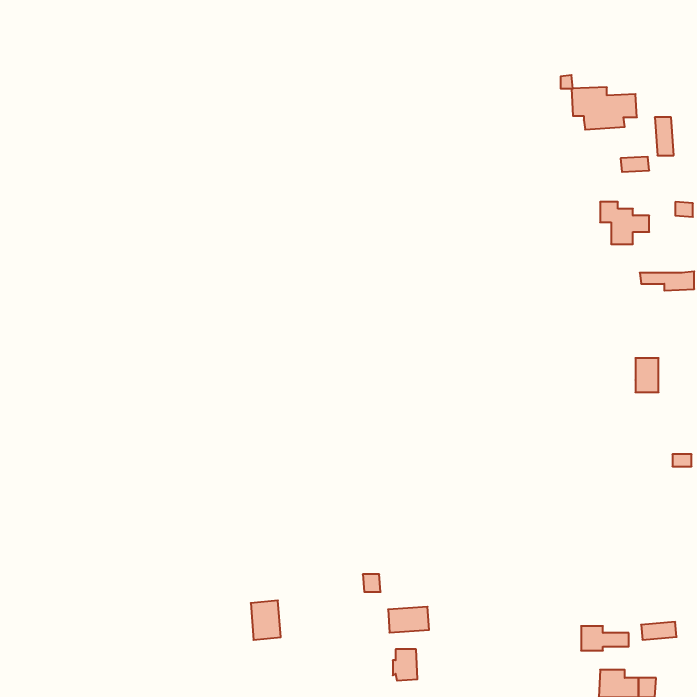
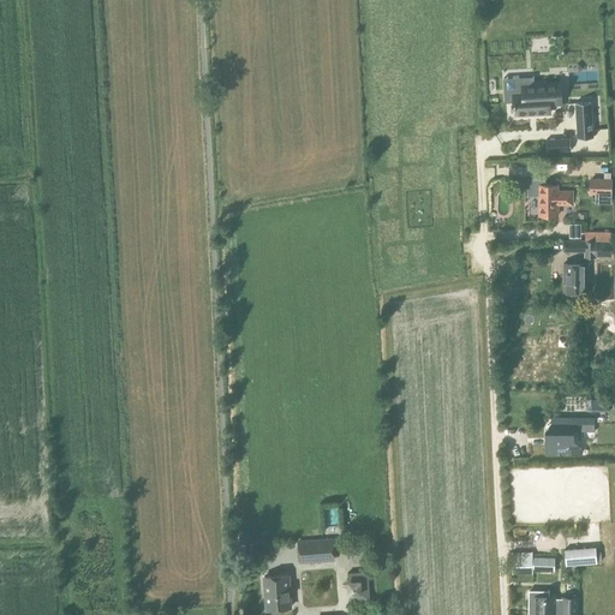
building: [635,358,659,392] -> [565,263,585,293]
building: none -> [545,417,595,456]
building: [251,600,281,640] -> [265,574,292,609]
building: [388,607,429,633] -> [299,539,335,562]

